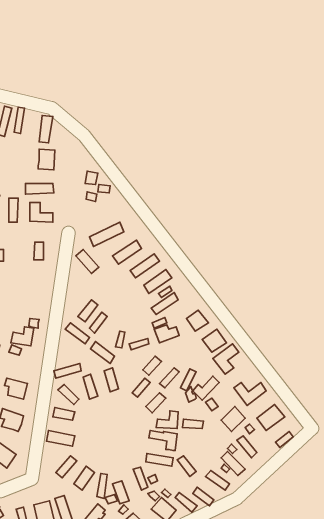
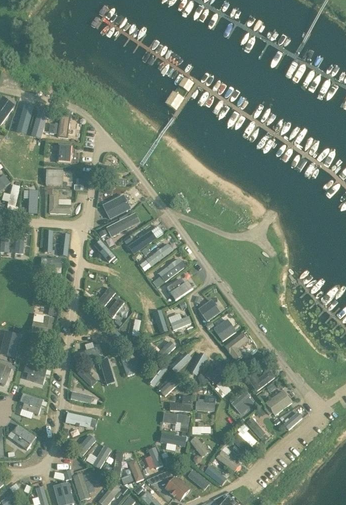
building: none -> [102,194,130,219]

